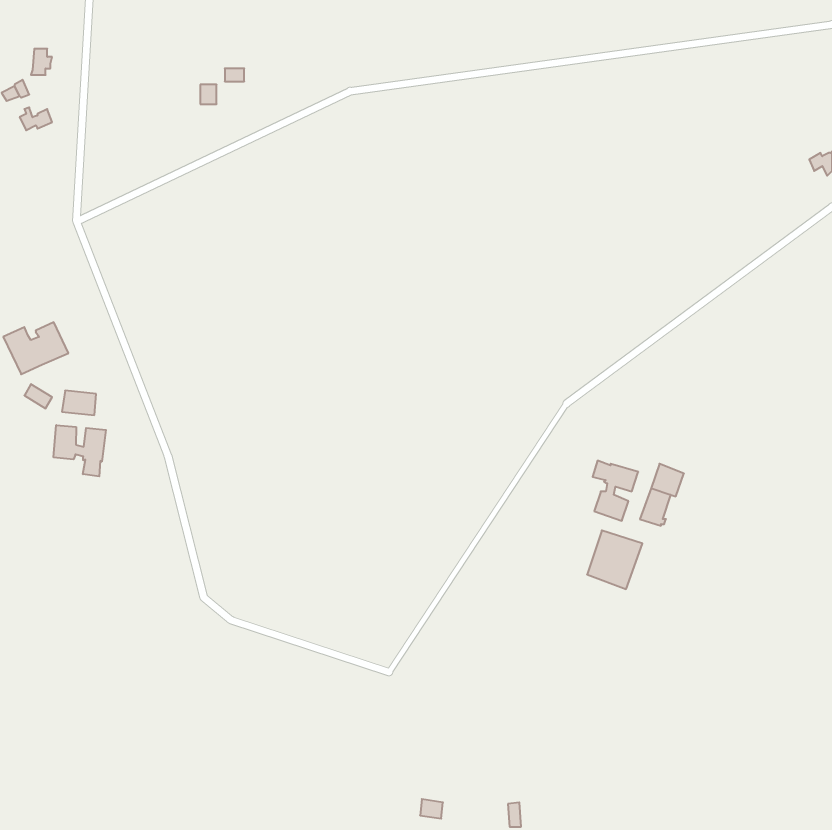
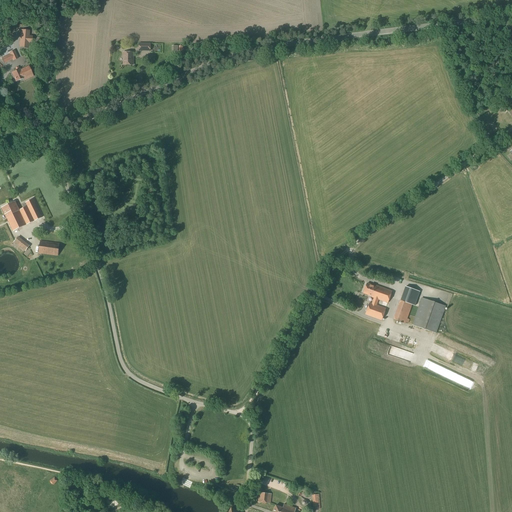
building: [54,425,106,476] -> none
building: [587,530,642,589] -> [412,297,446,333]

